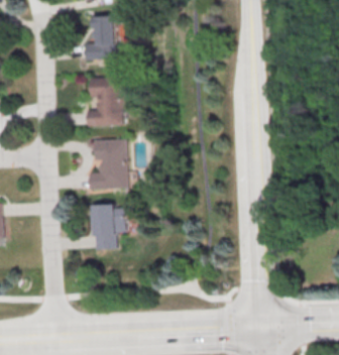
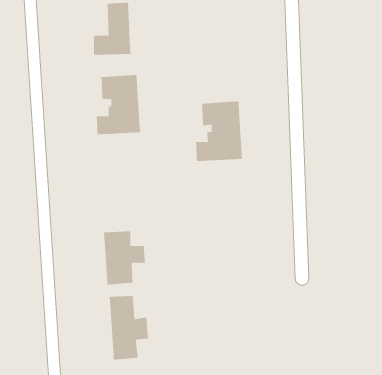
building: [89,138,128,189] -> [195,101,243,162]
building: none -> [109,295,149,361]

